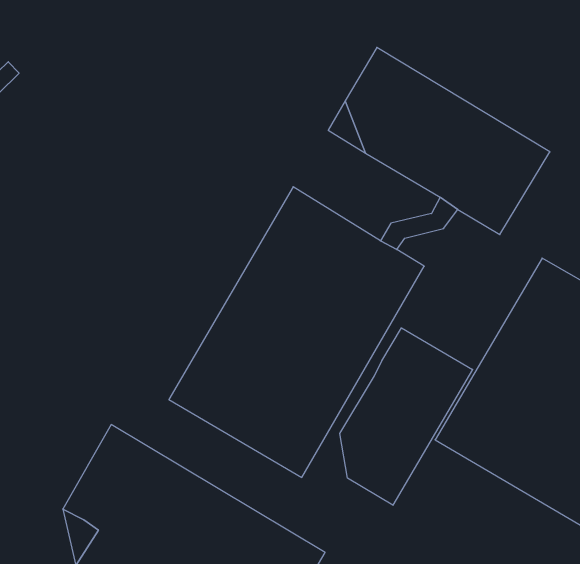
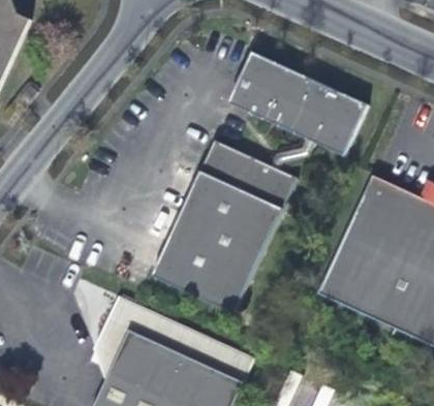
building: [340,328,473,505] -> none

